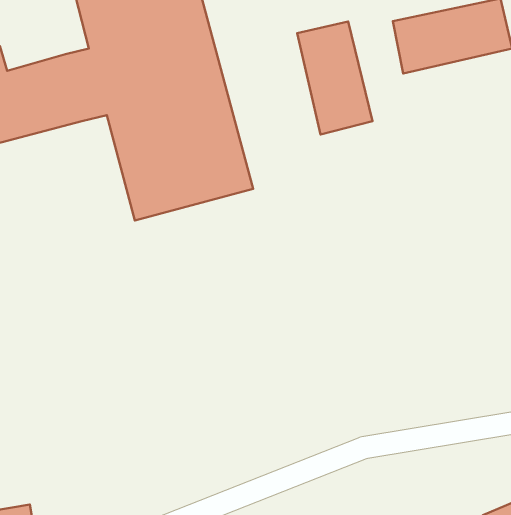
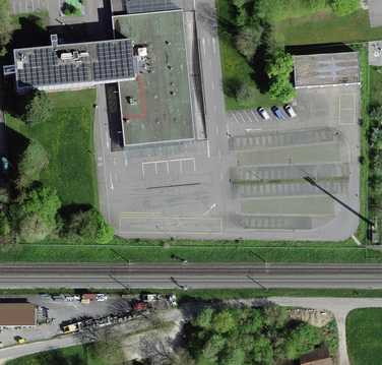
building: [297,22,372,135] -> none

